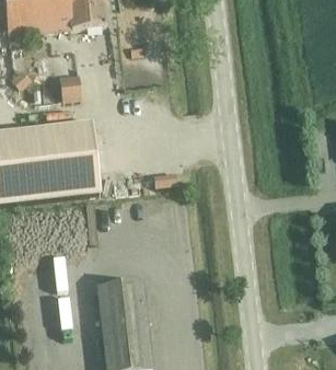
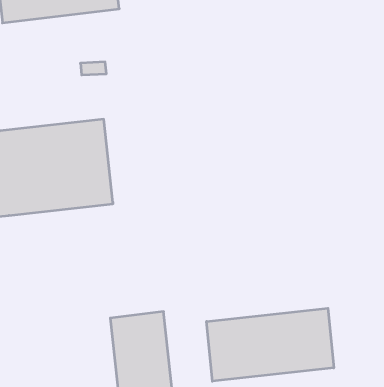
building: none -> [207,308,334,381]

